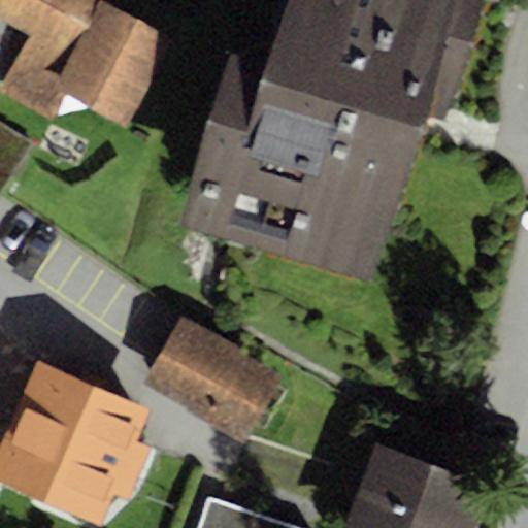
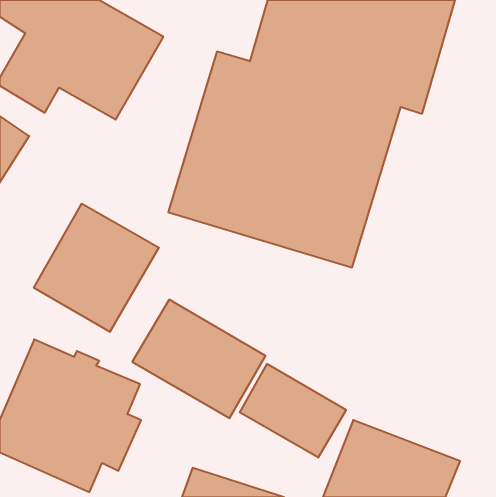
building: none -> [34,204,159,332]
building: none -> [240,364,346,458]

